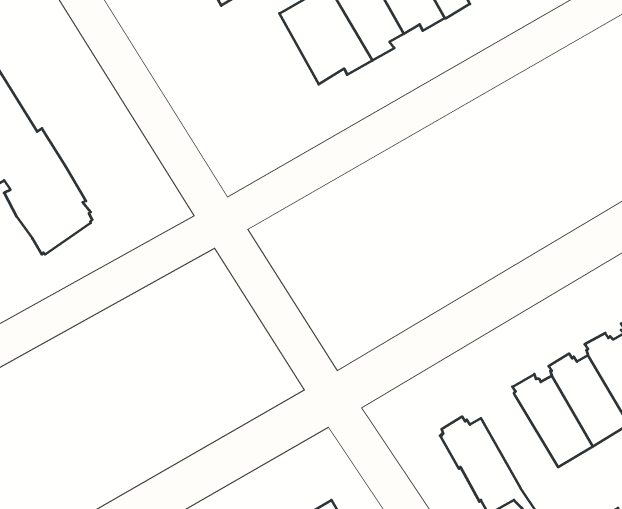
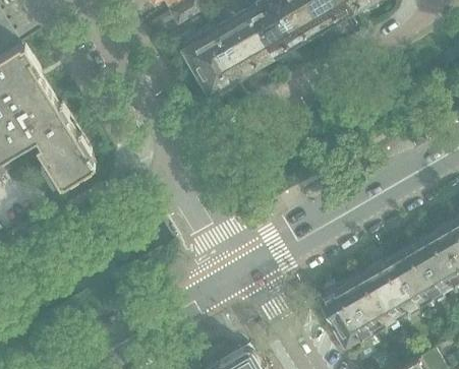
building: none -> [180,28,240,99]
building: none -> [343,278,403,342]

